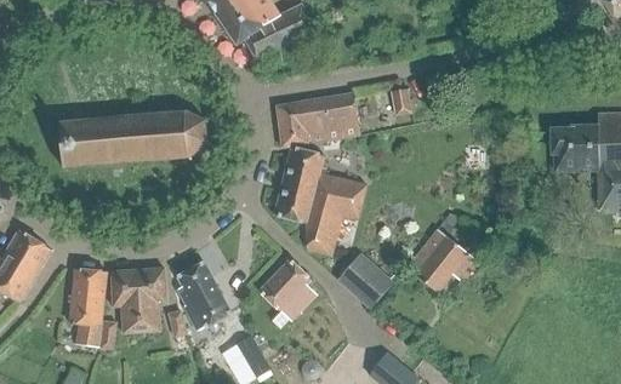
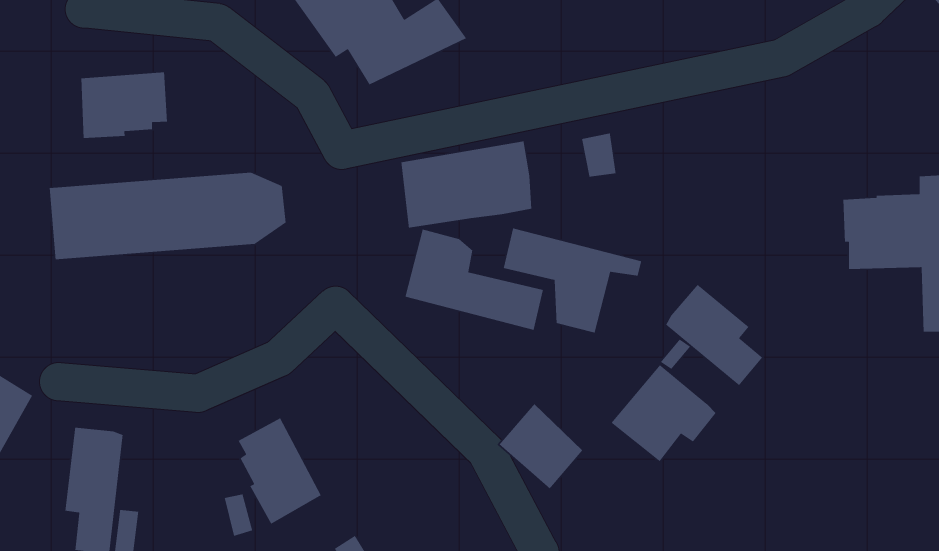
building: none -> [80,71,168,139]
building: none -> [665,284,763,386]
building: [274,188,360,253] -> [503,227,642,333]
building: [261,258,317,328] -> none
building: [113,266,166,331] -> none

